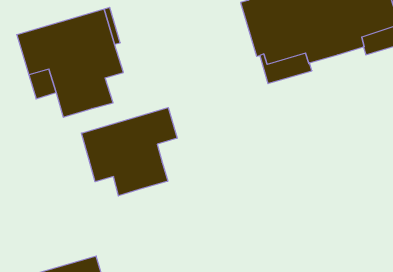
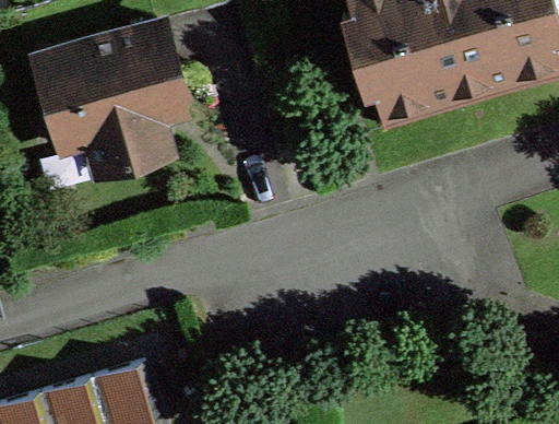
building: [81,108,177,196] -> none

